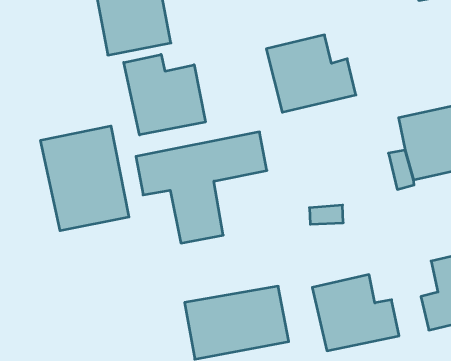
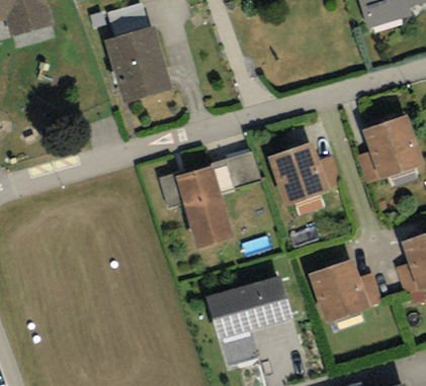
building: [266,35,356,112] -> [266,138,342,204]
building: [124,54,205,135] -> none
building: [41,126,129,231] -> none

